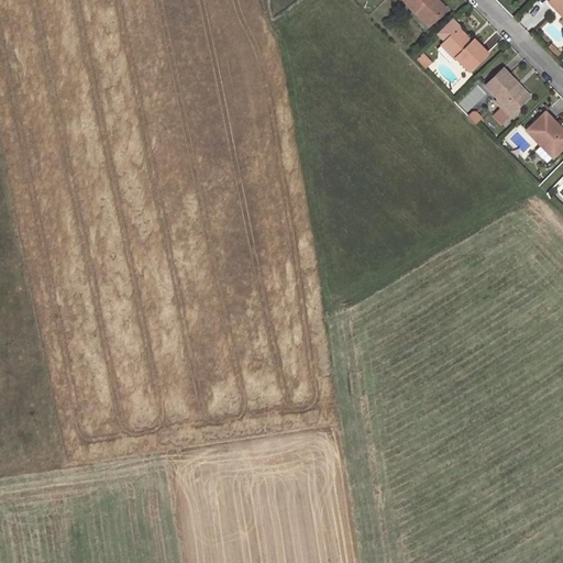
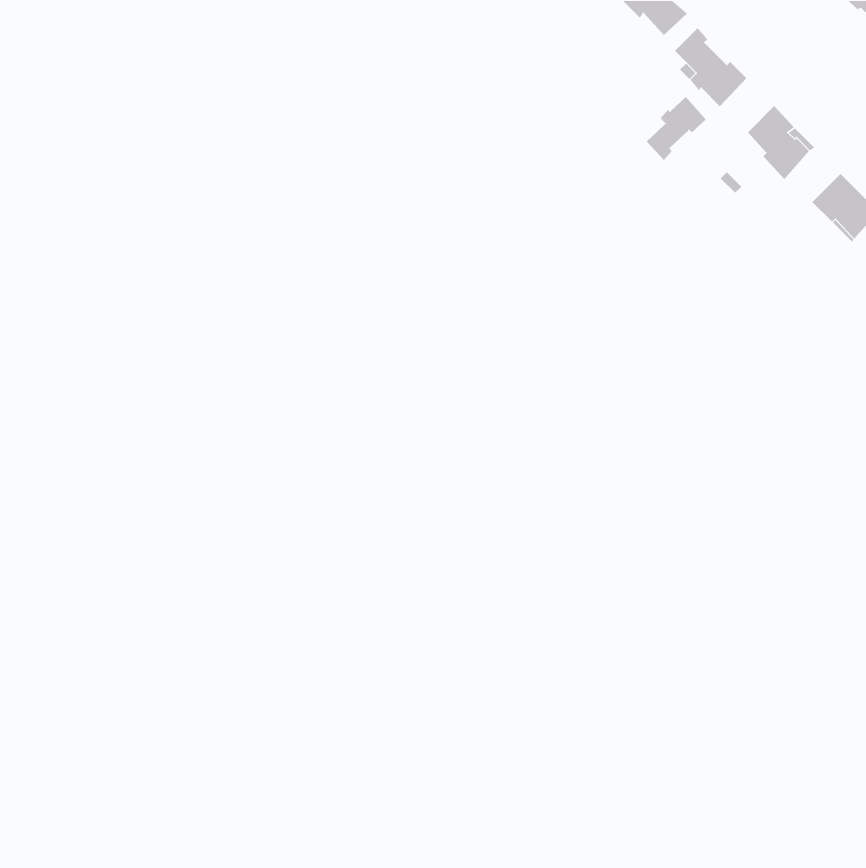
building: none -> [646,96,706,161]

